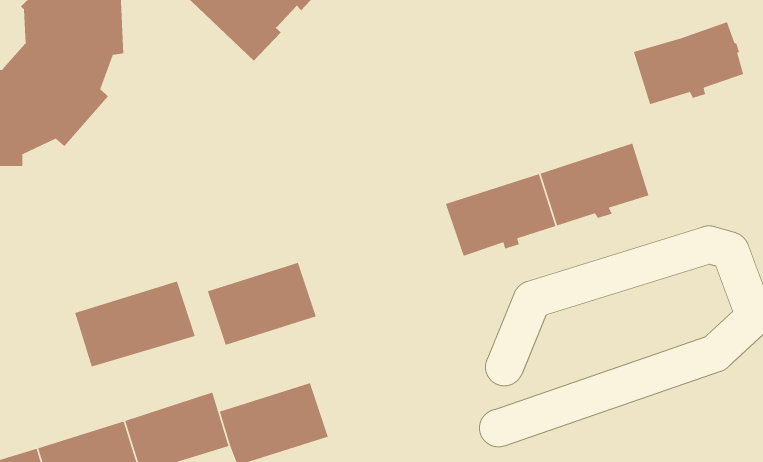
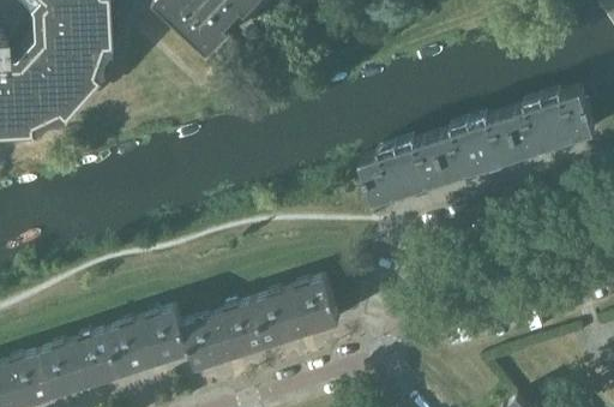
building: [633,21,744,105] -> [506,91,594,157]
building: [207,262,317,346] -> [253,281,339,347]
building: [74,280,196,367] -> none

